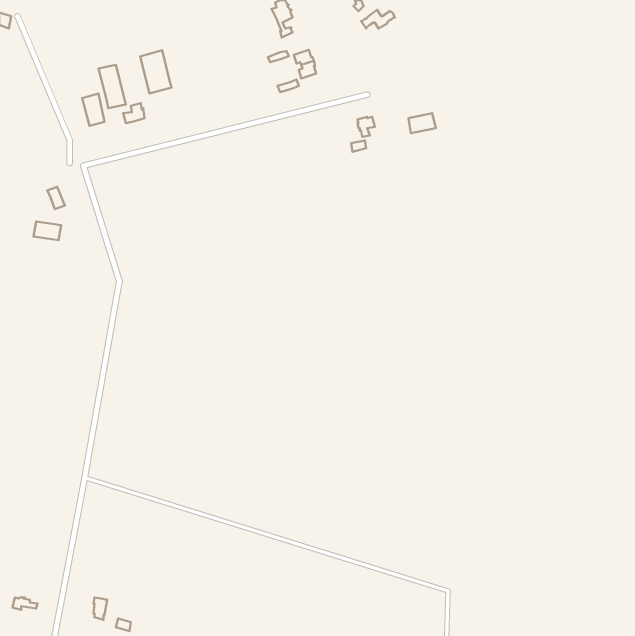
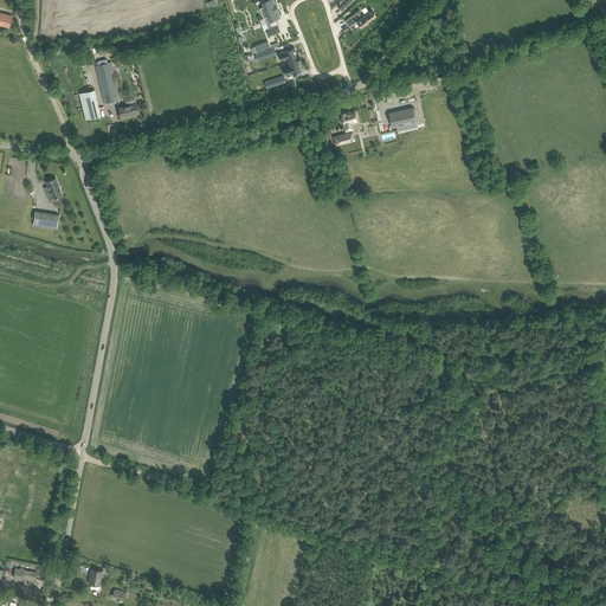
building: [140,50,171,94] -> none

